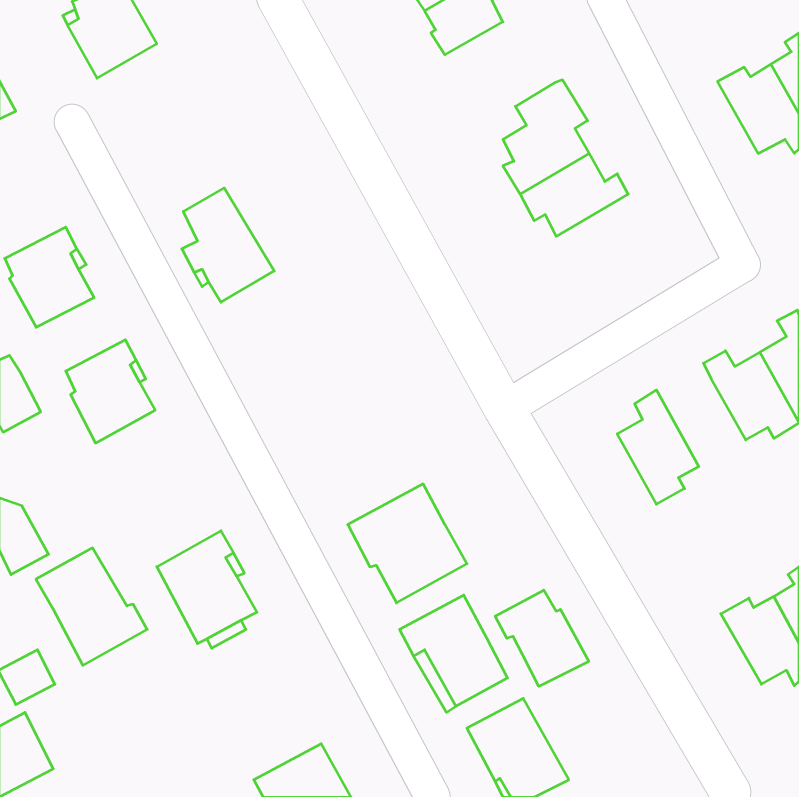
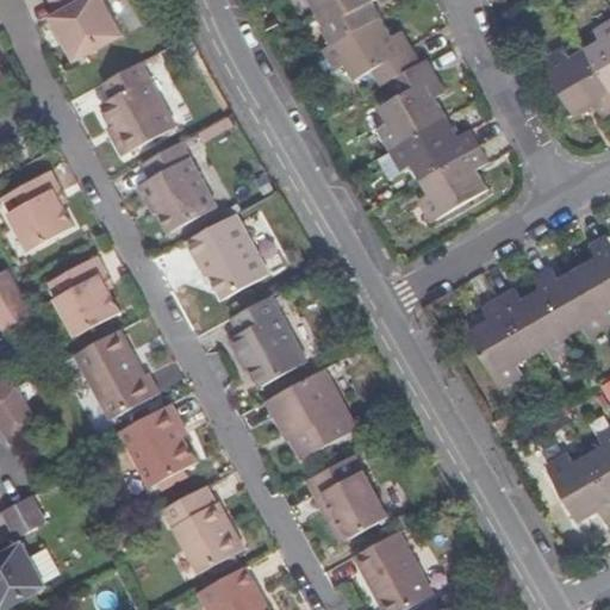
building: none -> [330,17,422,85]
building: none -> [99,61,170,154]
building: none -> [423,148,488,219]
building: none -> [183,211,268,298]
building: none -> [499,288,572,355]
building: none -> [228,293,305,382]
building: [36,548,147,665] -> [76,326,161,416]
building: [495,590,589,686] -> none
building: none -> [163,487,242,573]

